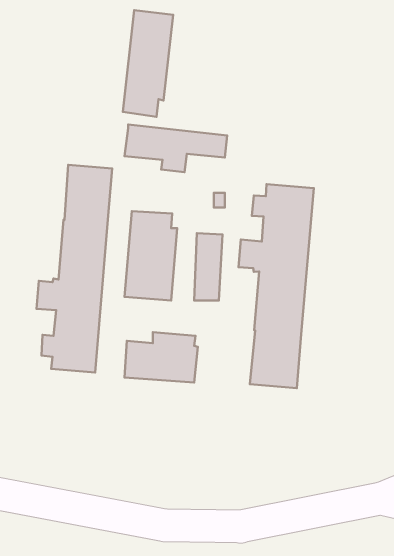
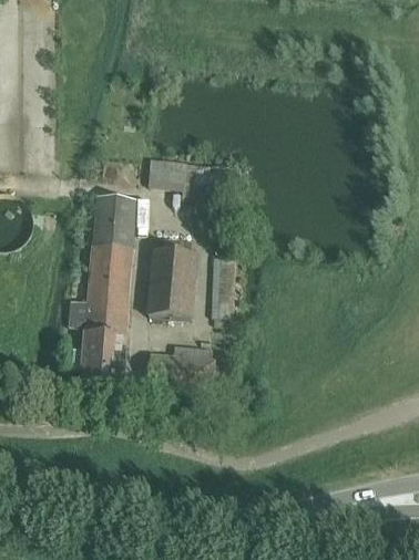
building: [123,10,173,117] -> none
building: [239,184,314,388] -> none

